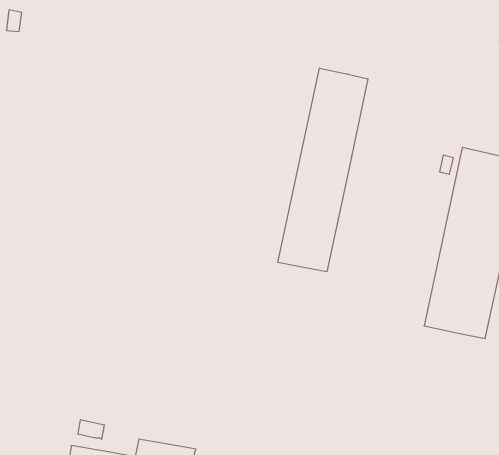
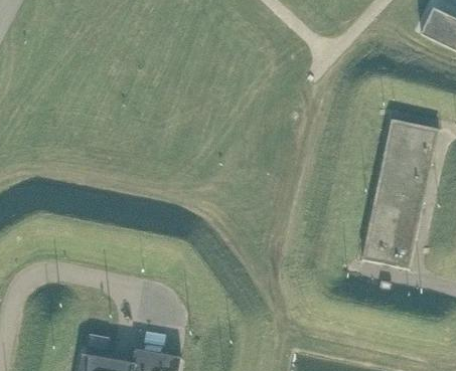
building: [278,68,368,272] -> none

